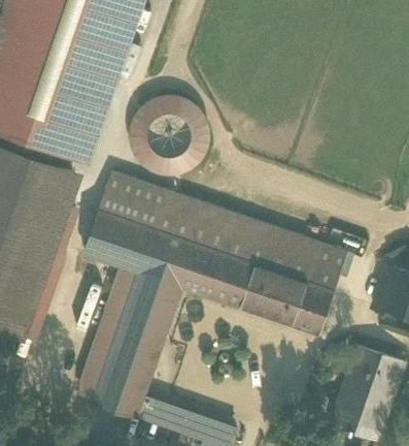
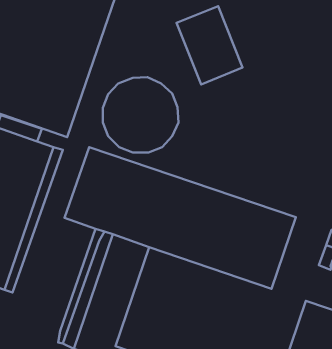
building: none -> [177,6,243,84]

